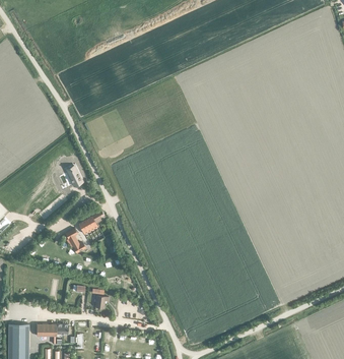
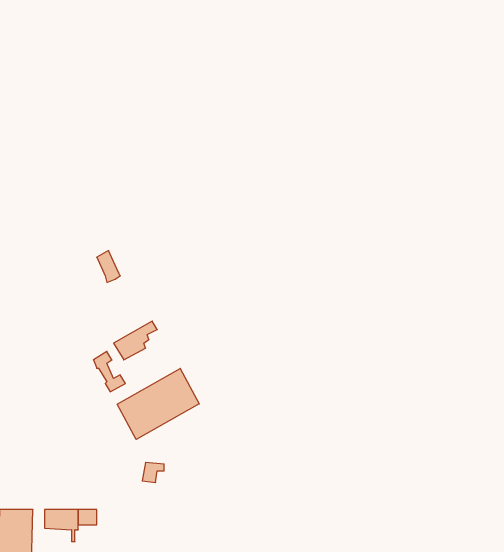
building: none -> [117,368,199,439]

